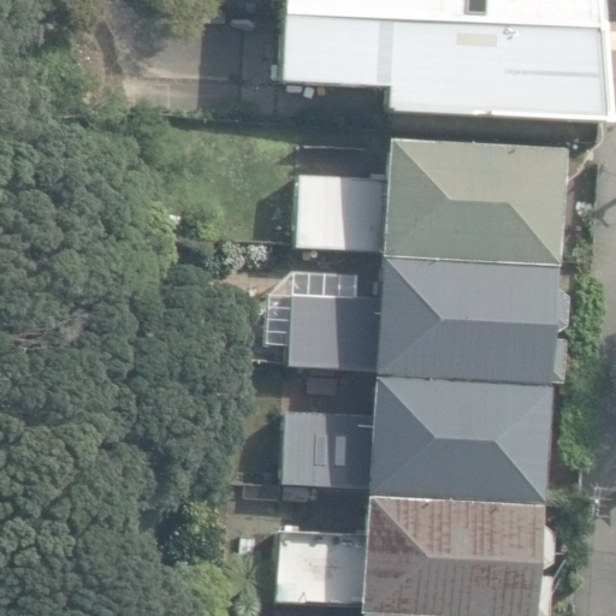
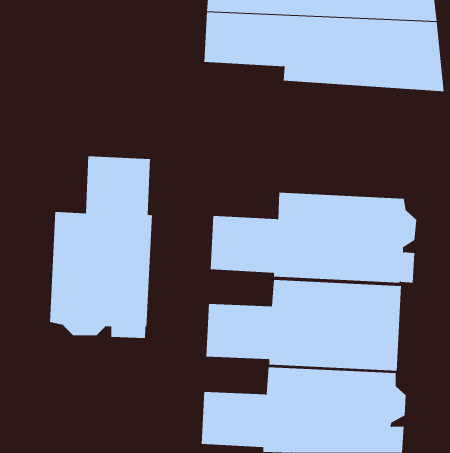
building: [301,142,557,262] -> none
building: none -> [50,155,152,339]

